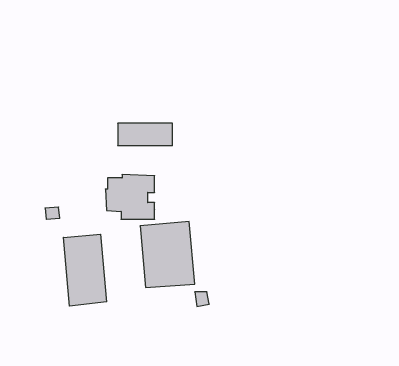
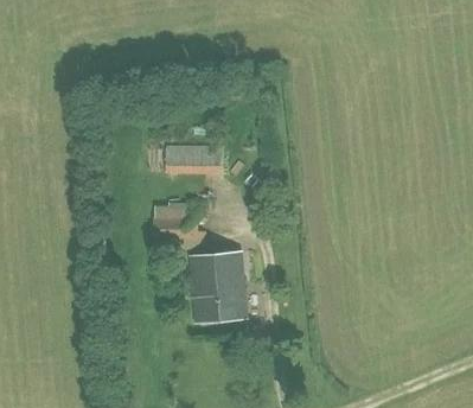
building: [63,234,107,306] -> none

